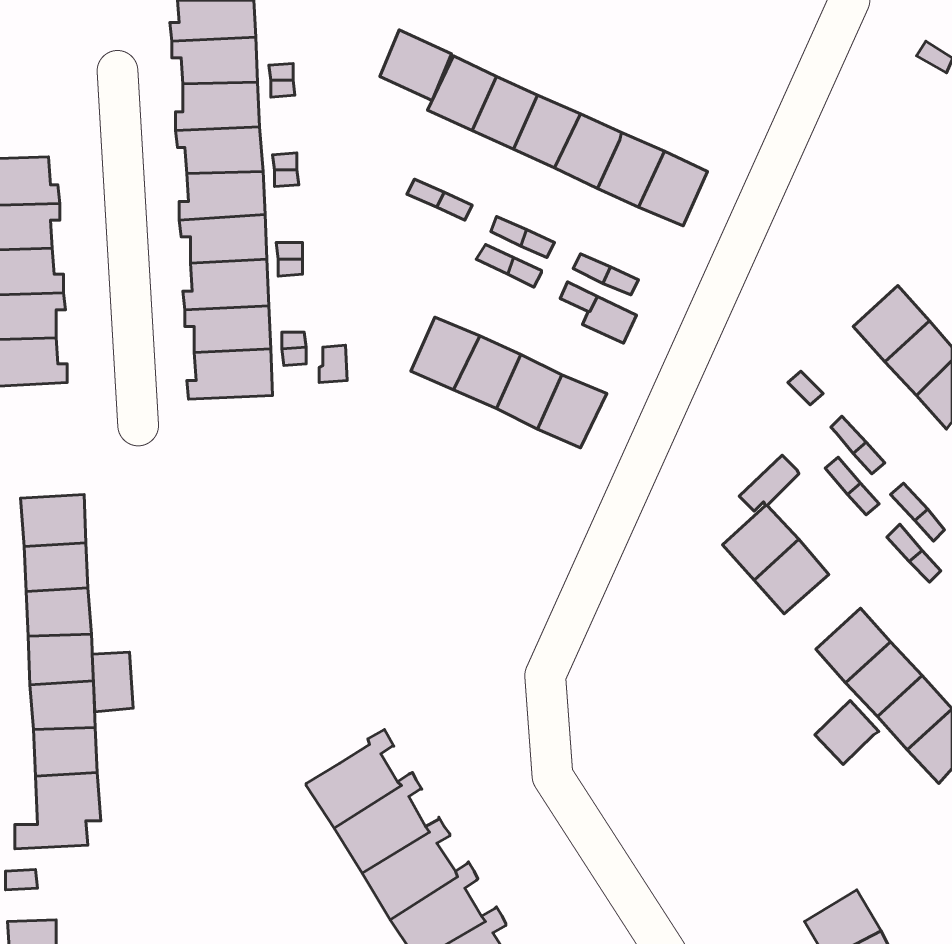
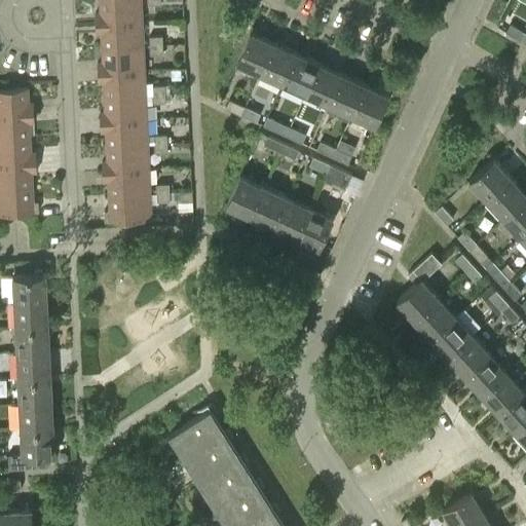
building: [380,30,451,101] -> none
building: none -> [431,322,474,363]
building: [92,652,133,712] -> none
building: [815,700,879,764] -> none

